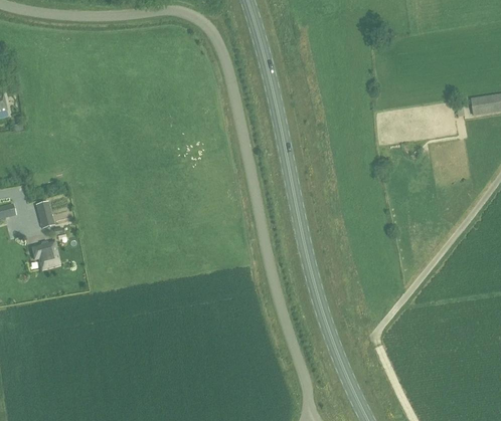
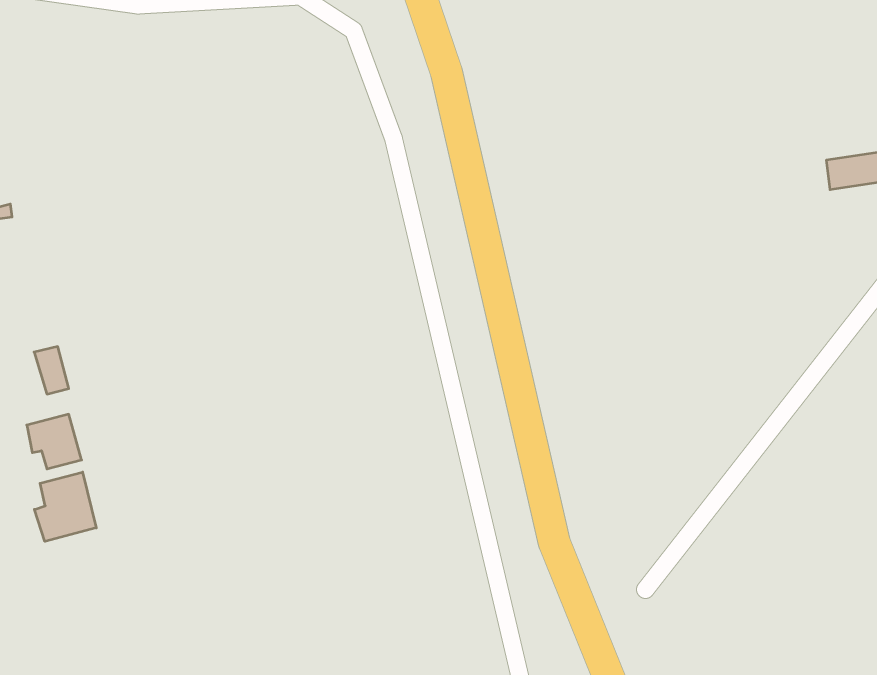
building: none -> [34,472,96,541]

